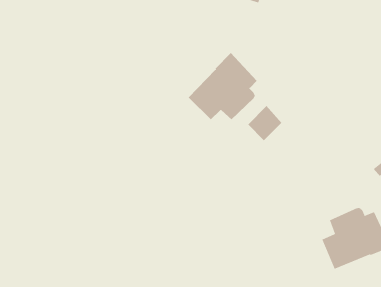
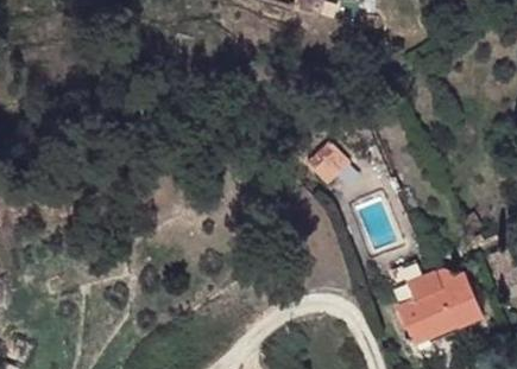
building: [188,52,257,120] -> none

